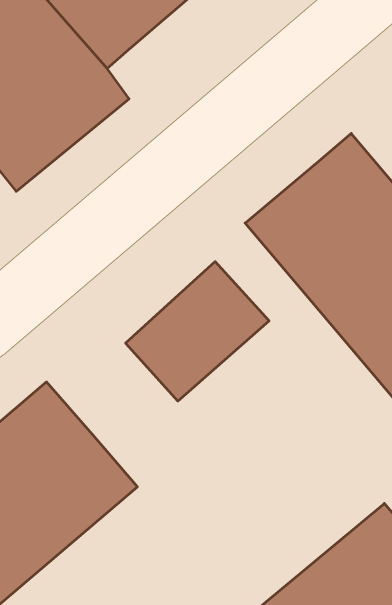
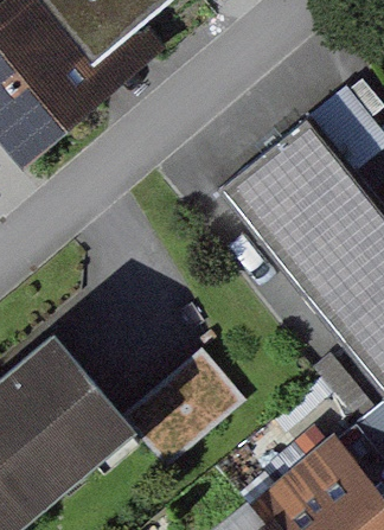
building: [126,262,269,401] -> [124,352,248,472]

